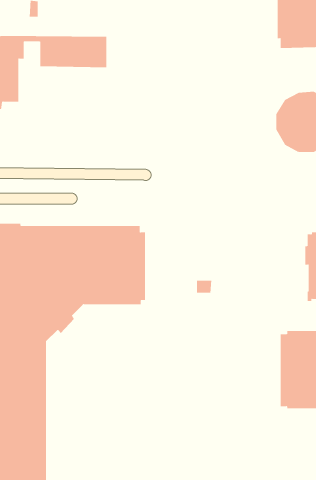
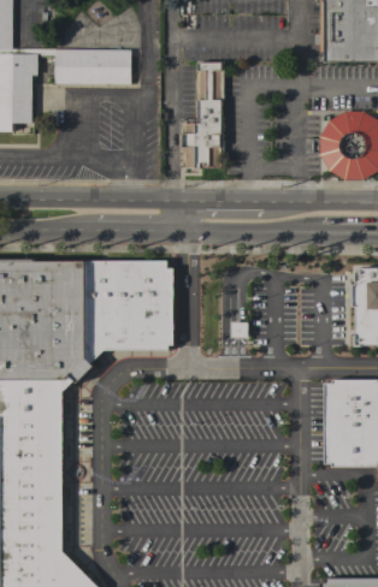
building: none -> [183,63,224,167]

